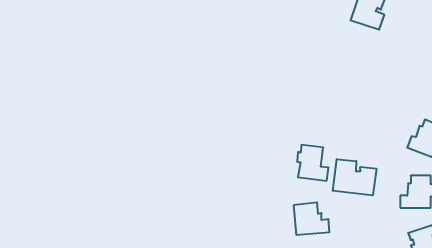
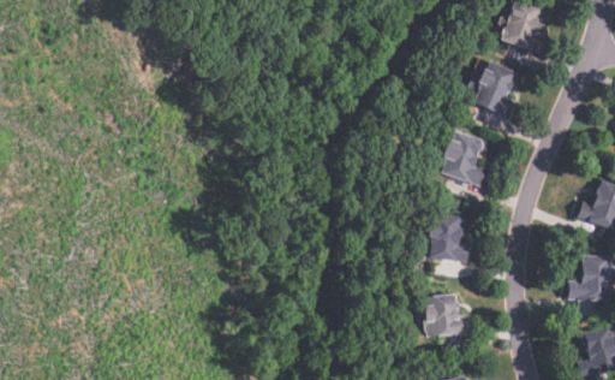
building: none -> [472,60,519,118]
building: none -> [442,131,488,185]
building: [333,159,376,195] -> none

